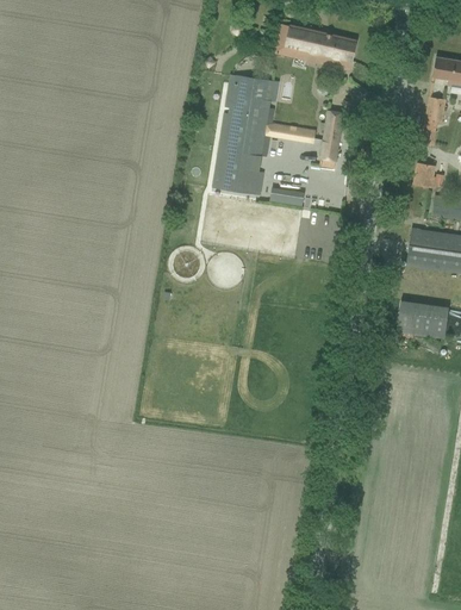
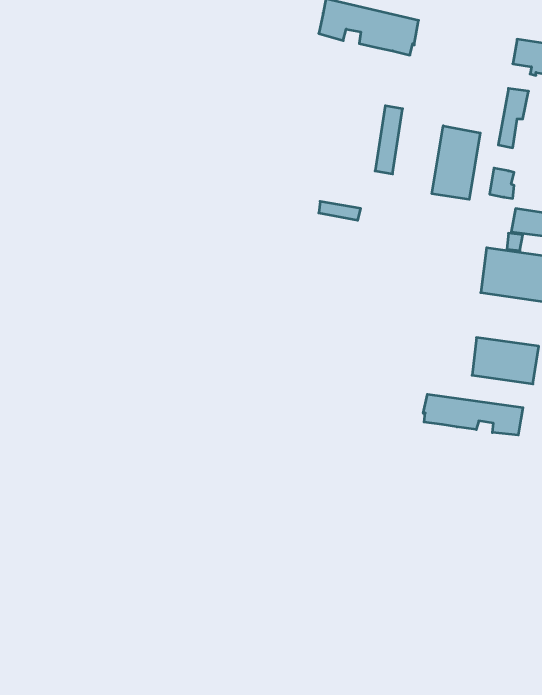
building: [212,74,274,195] -> none
building: none -> [432,126,480,199]
building: none -> [423,394,523,435]

